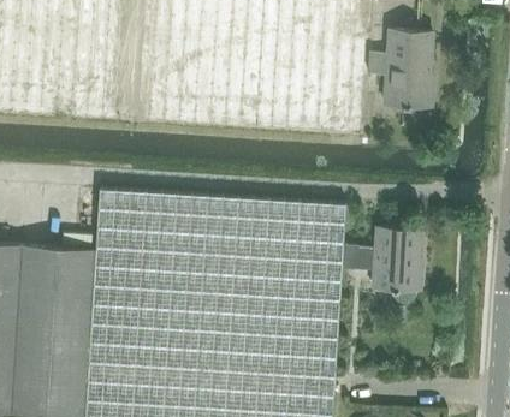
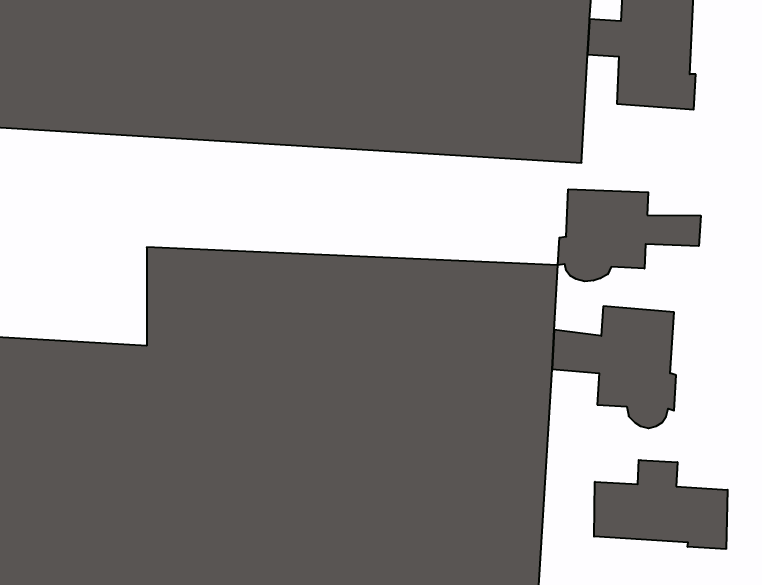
building: none -> [558,189,701,281]
building: none -> [594,460,728,549]

